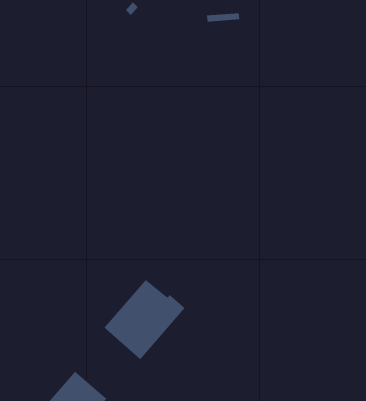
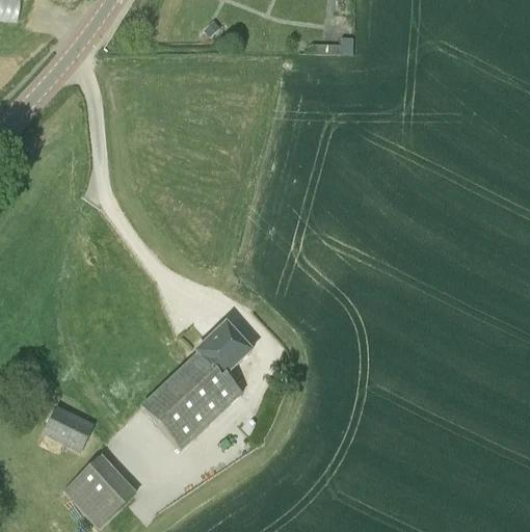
building: none -> [195,322,251,376]
building: none -> [44,404,95,451]

